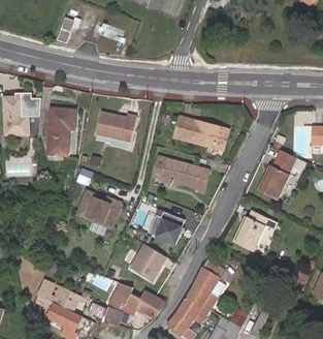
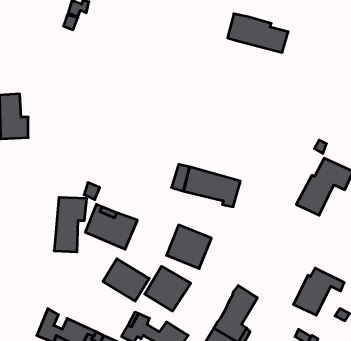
building: [47,109,75,155] -> [54,197,87,252]
building: [94,114,135,144] -> none
building: [175,117,227,150] -> [228,14,288,52]
building: [233,210,277,250] -> [293,268,344,315]
building: none -> [103,259,149,301]

